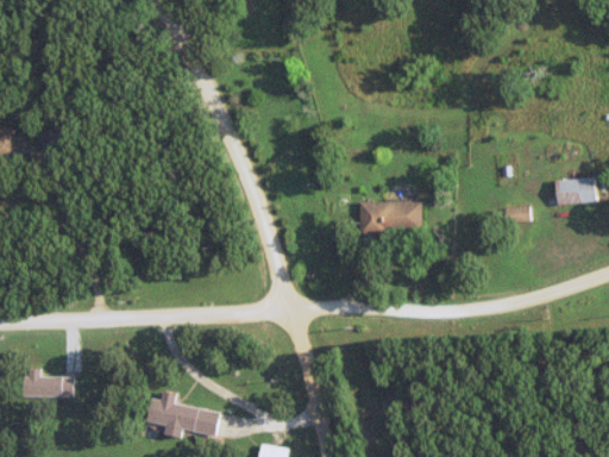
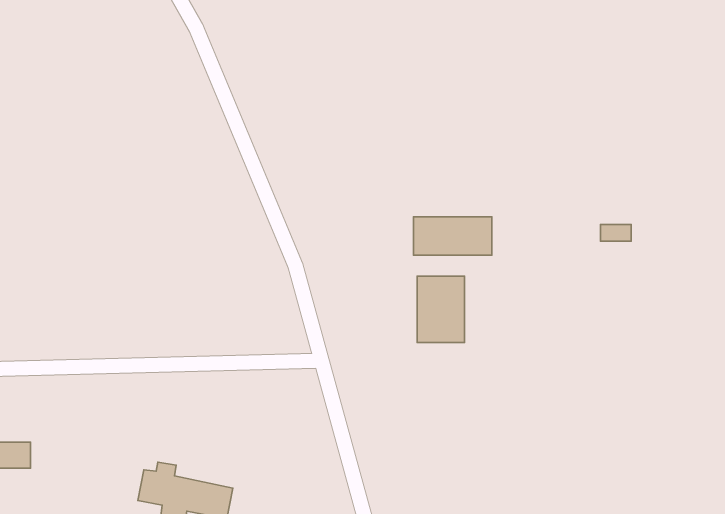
building: [554,177,594,202] -> none
building: none -> [417,276,465,342]

